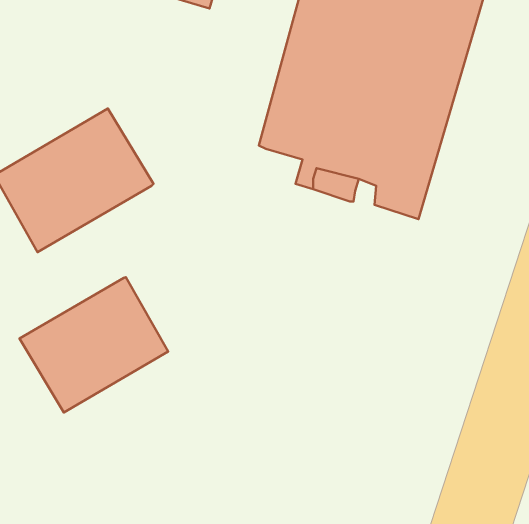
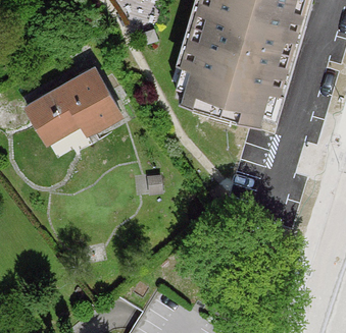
building: [19,277,168,413] -> none

